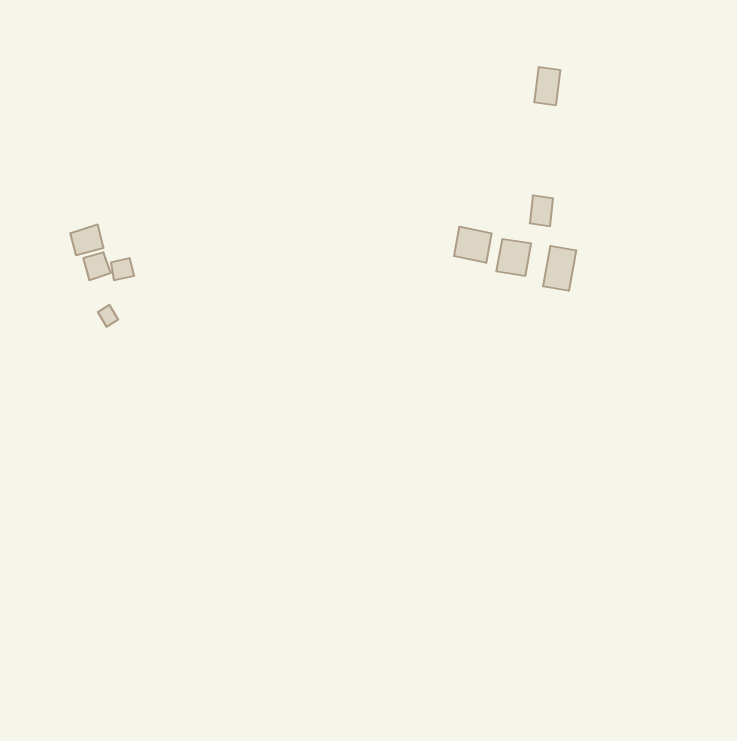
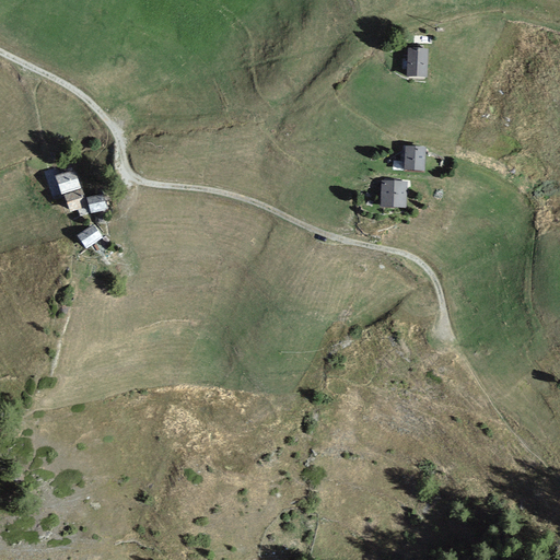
building: [454,227,492,263] -> none
building: [543,246,576,291] -> none

